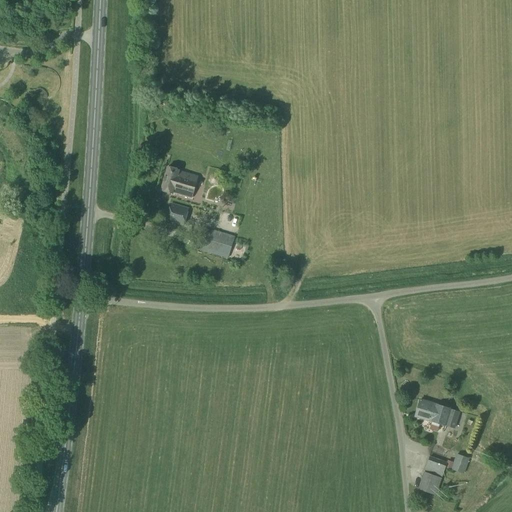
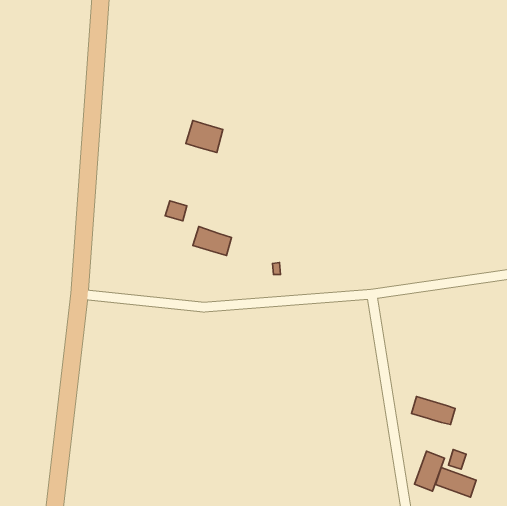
building: [160,165,197,197] -> [186,121,223,152]
building: none -> [435,467,476,497]

